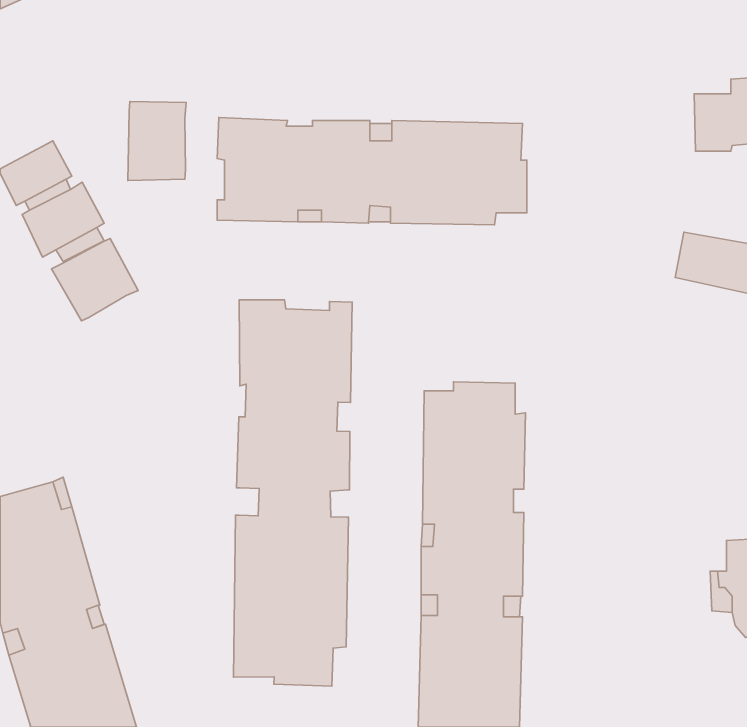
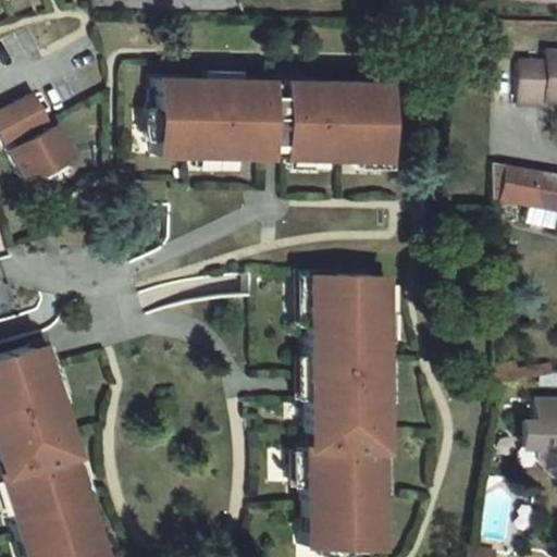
building: [128,102,186,181] -> none
building: [52,238,138,321] -> none
building: [234,300,352,686] -> none

